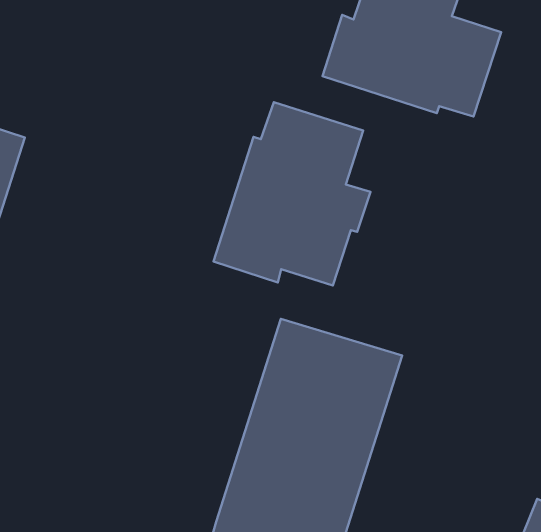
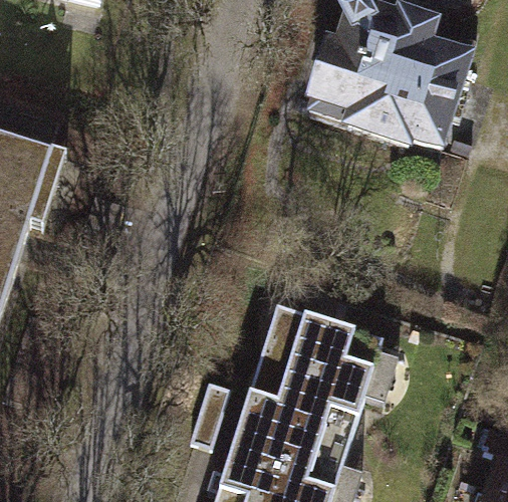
building: [213,102,371,285] -> none

